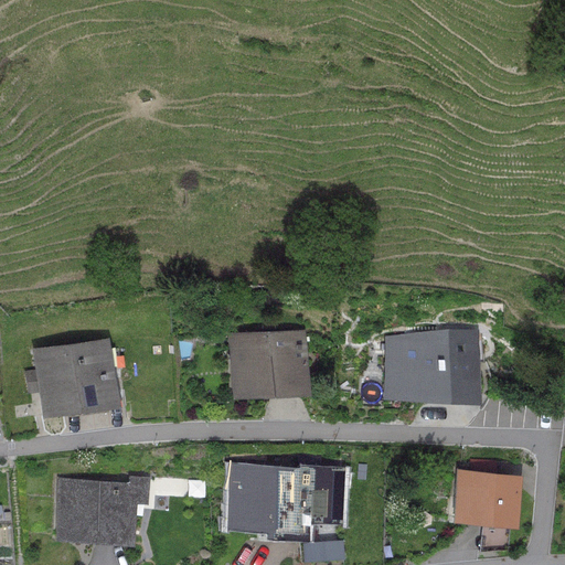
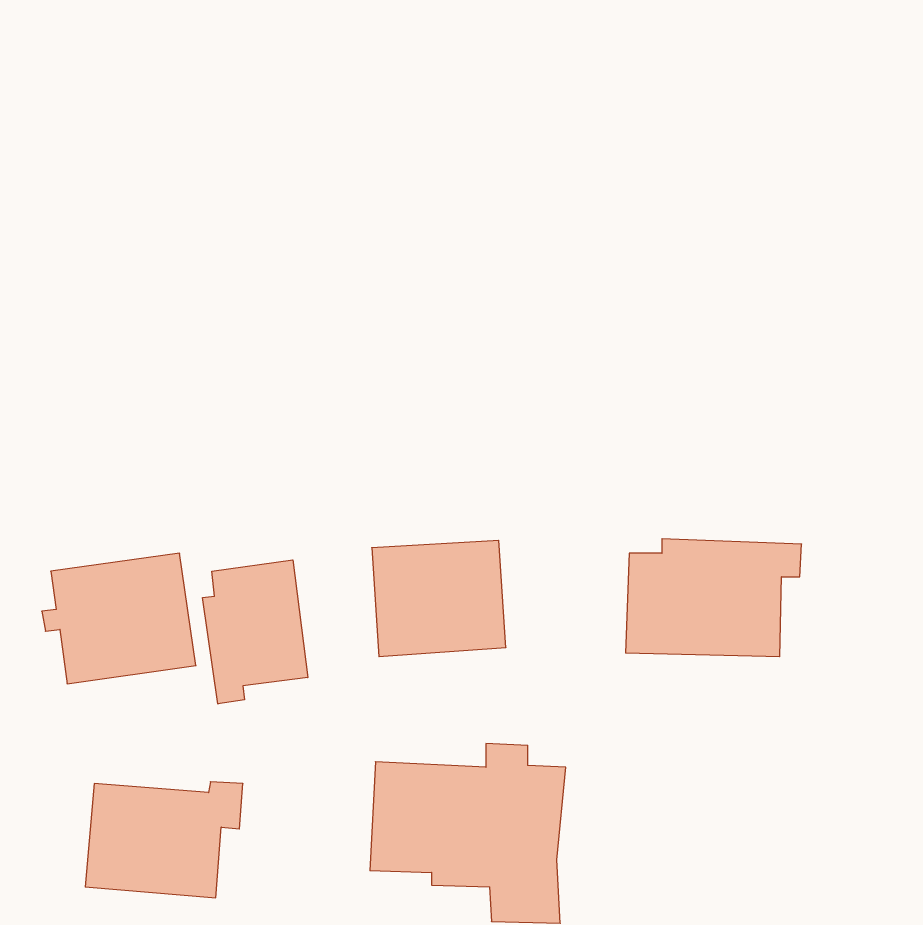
building: none -> [203,560,308,704]
building: [454,471,523,553] -> none

